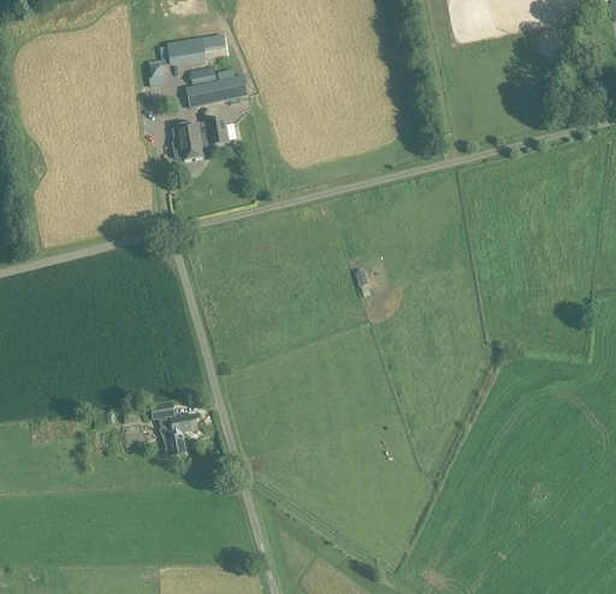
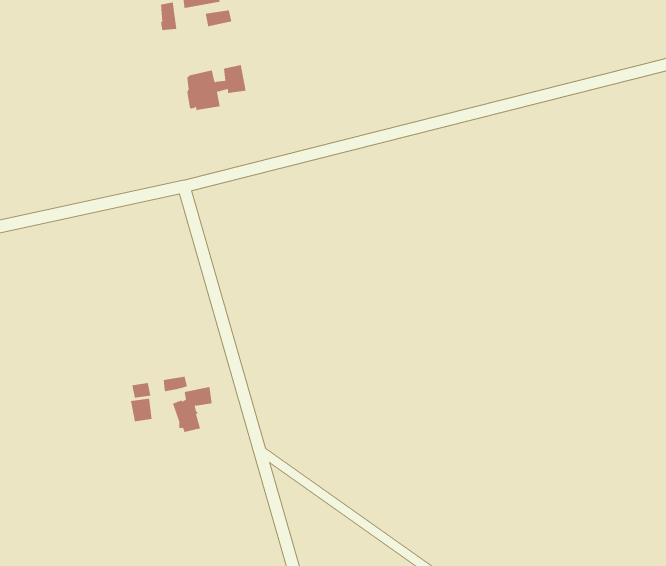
building: [186,75,248,106] -> none

